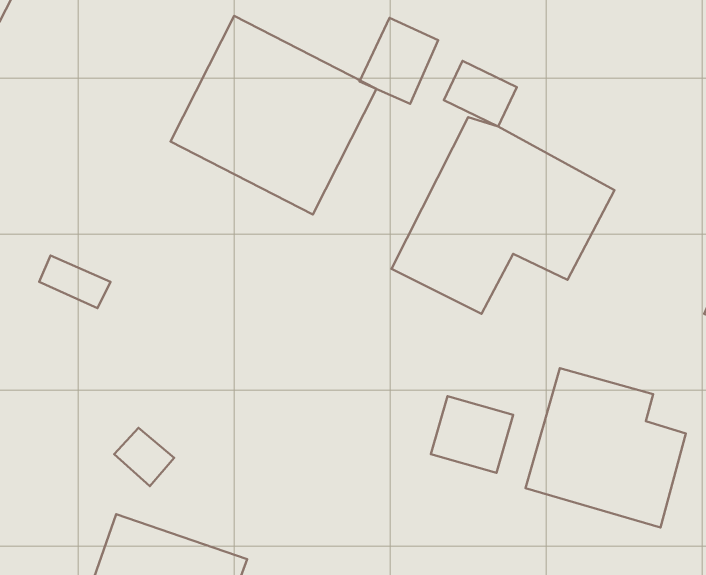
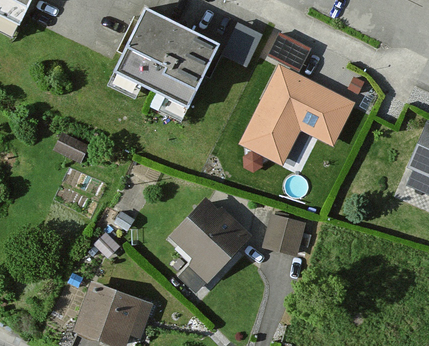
building: [525,368,686,527] -> none
building: none -> [171,202,243,290]

